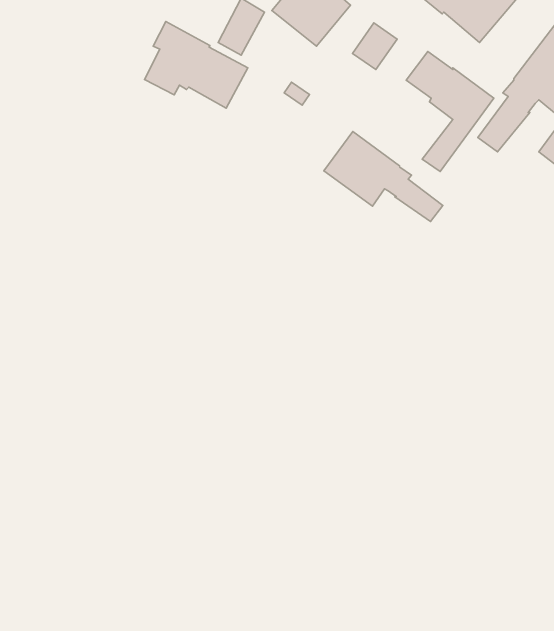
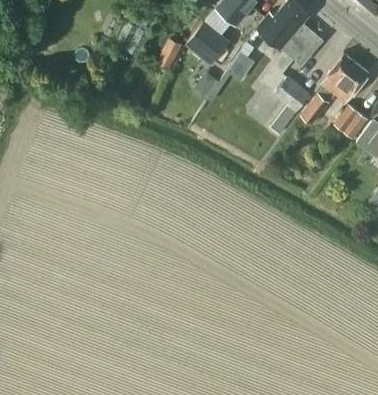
building: [145,21,248,108] -> none
building: [324,132,443,222] -> none

